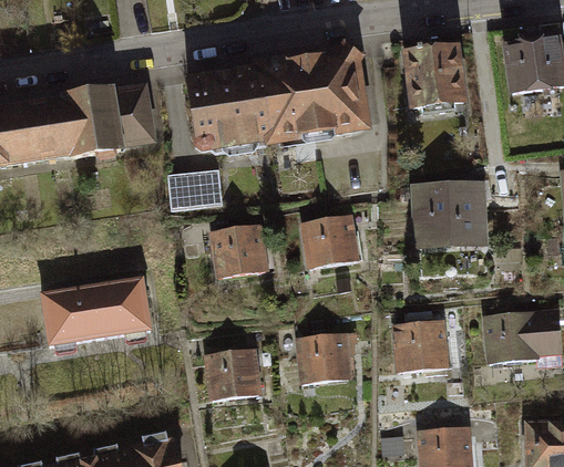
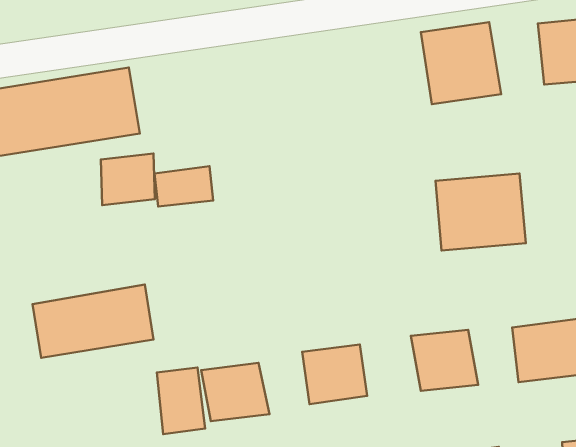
building: [193,48,371,148] -> none
building: none -> [101,154,155,205]
building: [300,214,359,271] -> none
building: [209,221,269,280] -> none
building: none -> [157,367,205,434]

